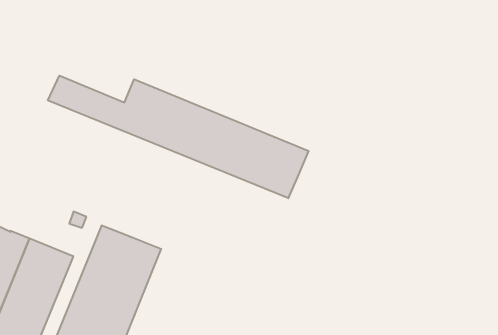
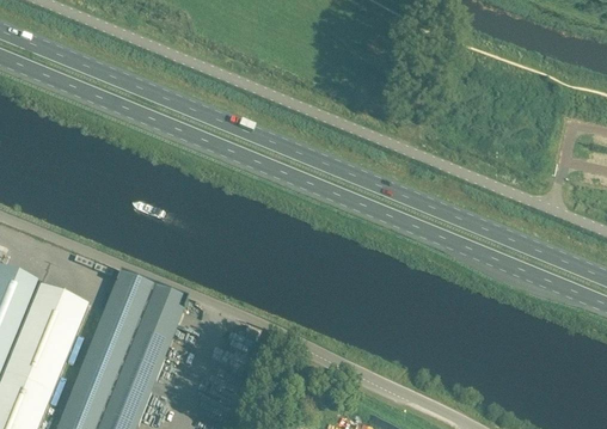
building: [48,76,309,198] -> none

